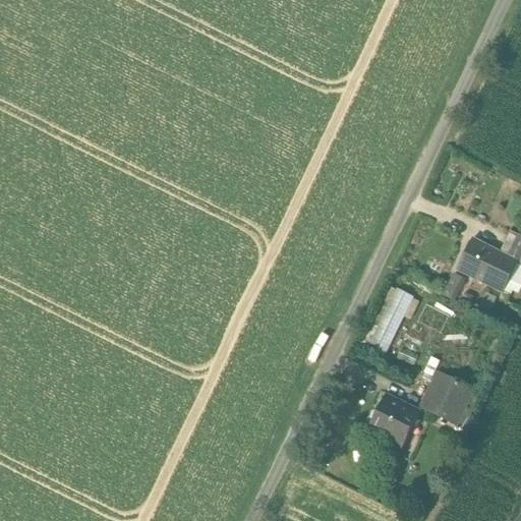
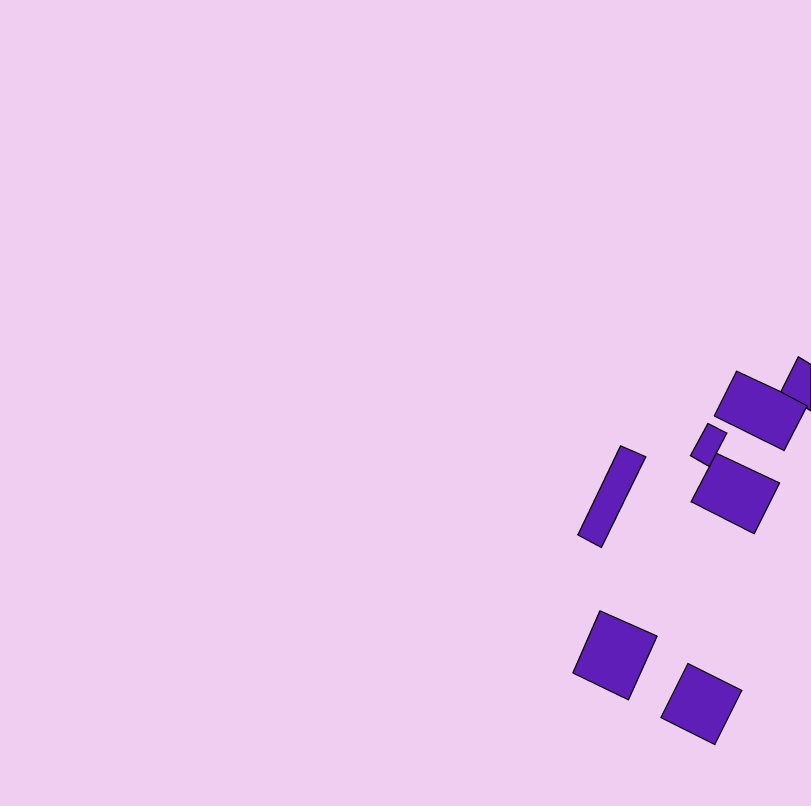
building: none -> [691,453,780,534]
building: [421,371,473,423] -> [661,664,742,745]

